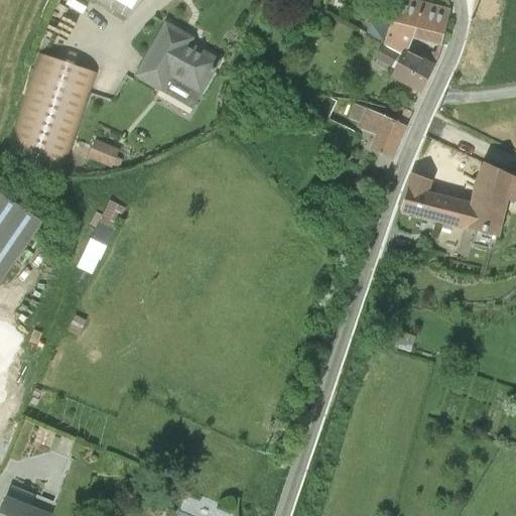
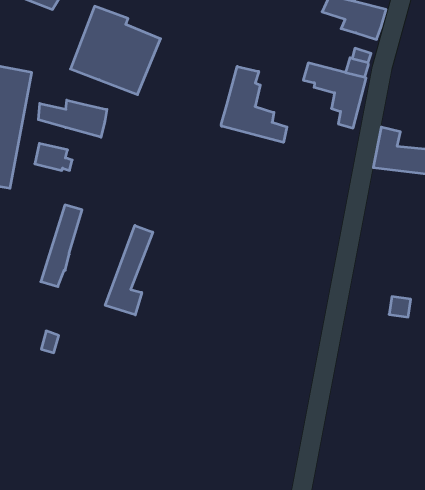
building: none -> [221,66,287,142]
building: none -> [38,100,107,137]
building: none -> [105,225,153,315]

